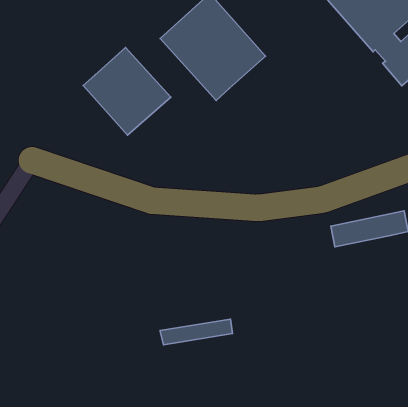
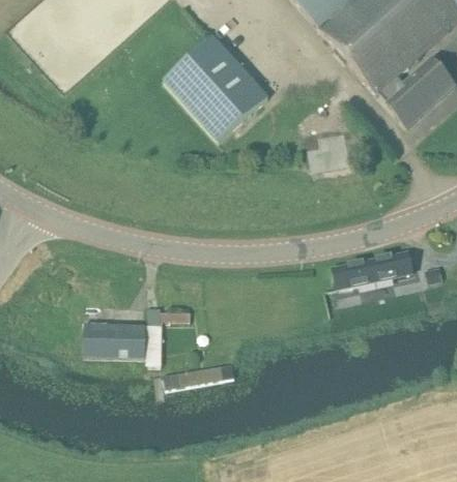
building: [83,47,171,135] -> none
building: none -> [83,306,191,365]

